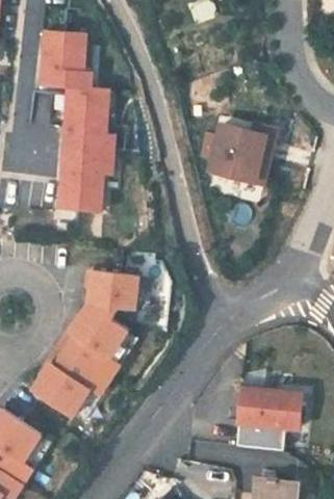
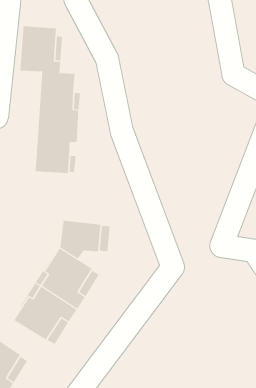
building: [211,123,277,182] -> none
building: [235,389,301,450] -> none

